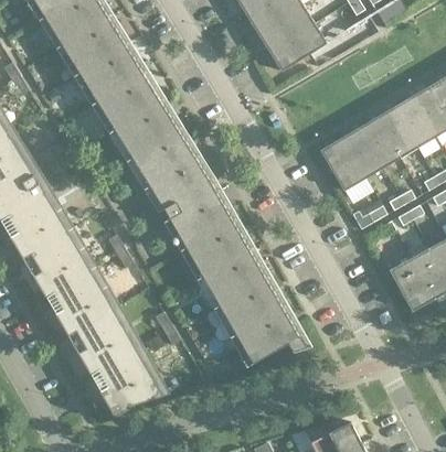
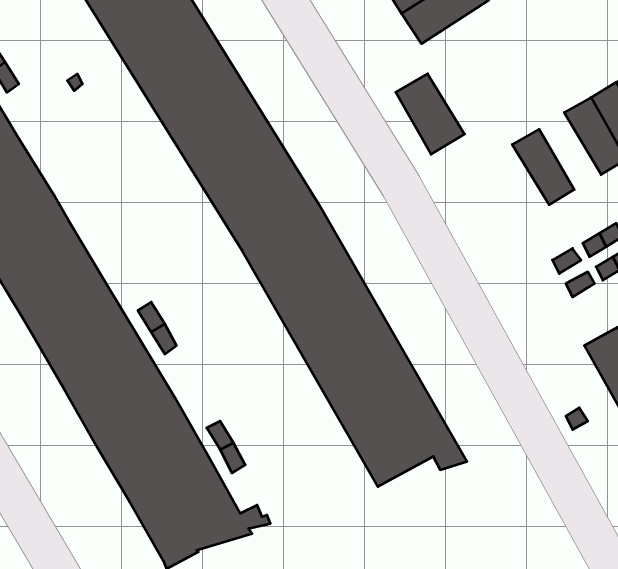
building: [359,117,400,168] -> none
building: [320,138,365,191] -> [396,74,465,154]

